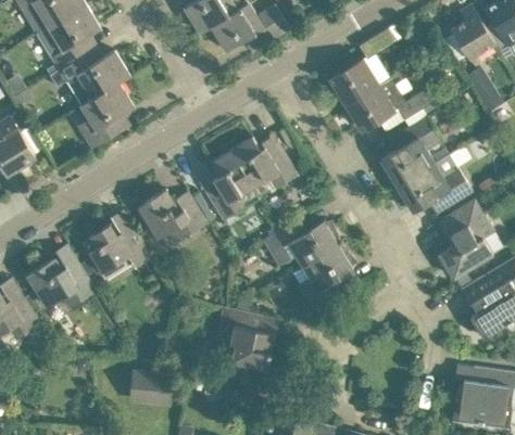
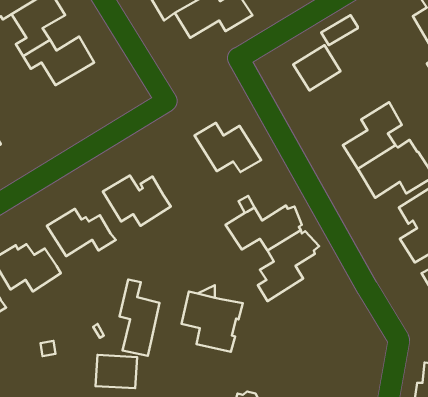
building: [347,77,434,130] -> none
building: [76,82,134,149] -> none
building: [202,150,253,218] -> none
building: none -> [120,279,159,356]

